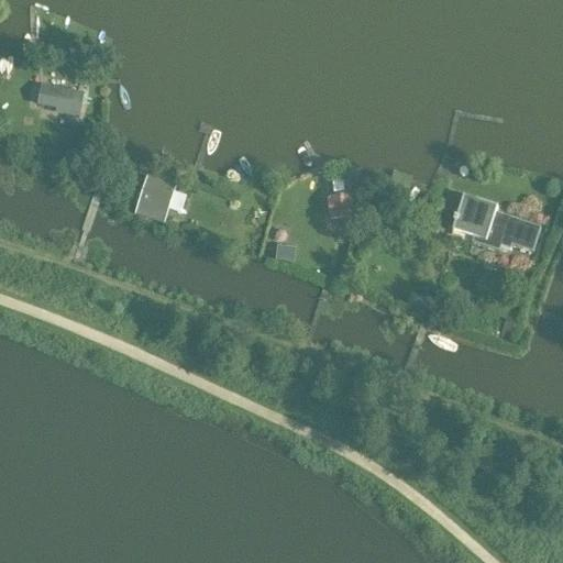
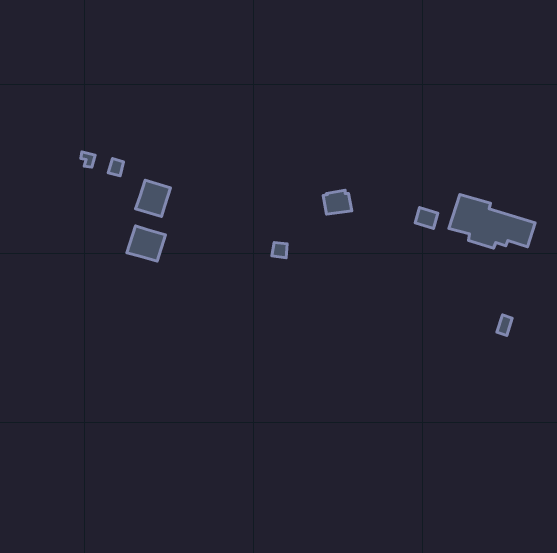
building: [40,84,81,113] -> none
building: none -> [127,226,165,261]

